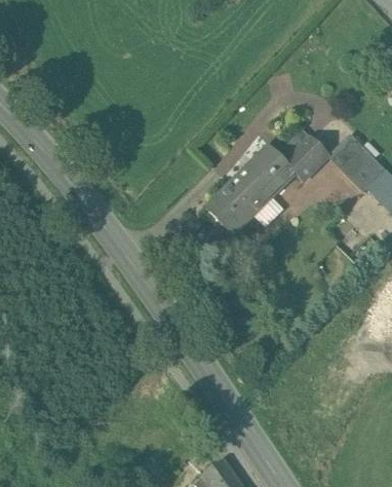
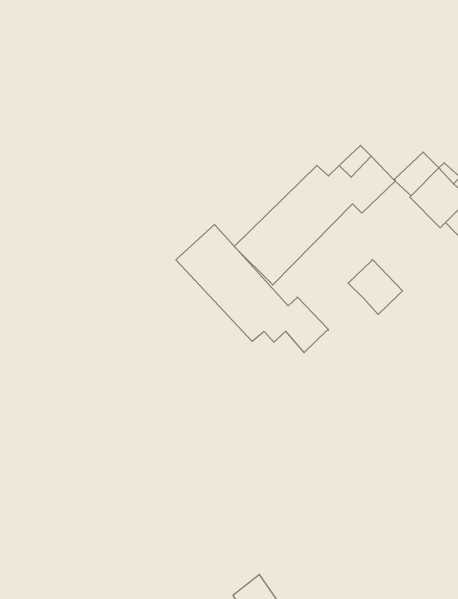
building: none -> [176,224,328,353]
building: none -> [348,260,403,314]

